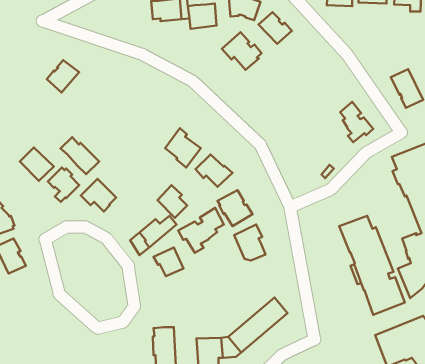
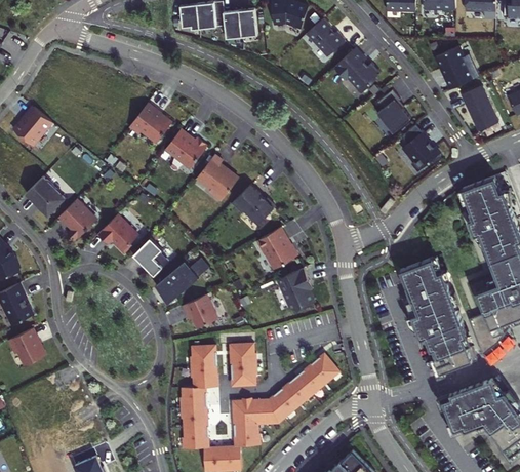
building: [222,32,261,70] -> [333,48,379,92]
building: none -> [435,46,479,87]
building: [47,60,79,92] -> [13,108,51,146]
building: none -> [376,89,410,133]
building: none -> [128,104,171,143]
building: none -> [165,131,207,168]
building: [61,137,99,174] -> none
building: [157,185,187,218] -> [133,238,168,276]
building: [178,208,224,253] -> none
building: none -> [9,328,45,366]
building: none -> [230,344,257,386]
building: none -> [191,346,218,388]

